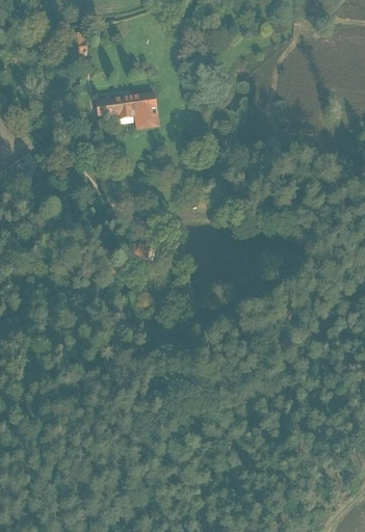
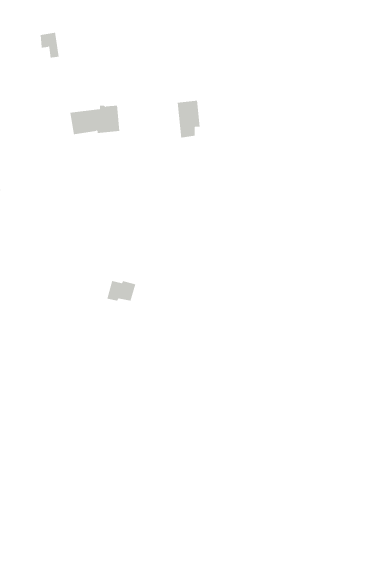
building: [137,96,157,128] -> [177,100,200,138]

